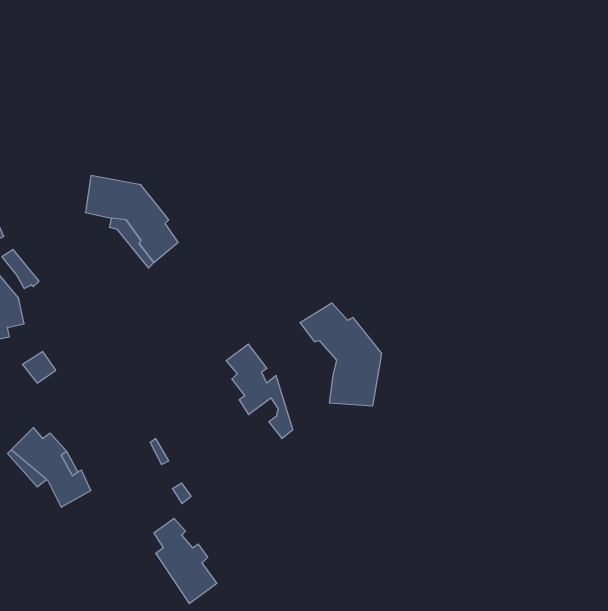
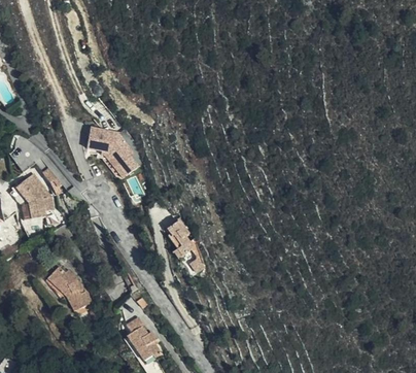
building: [300,303,381,406] -> none

